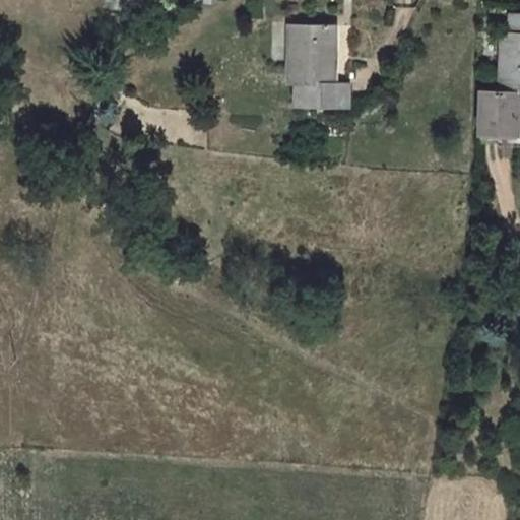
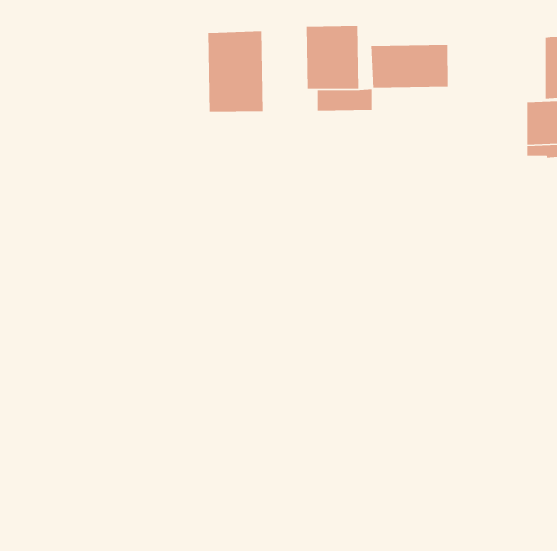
building: none -> [207,31,263,112]
building: none -> [371,44,449,89]

